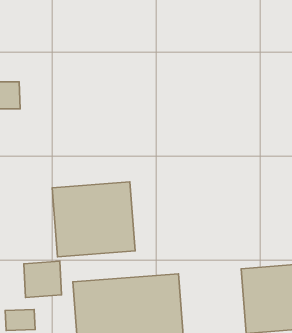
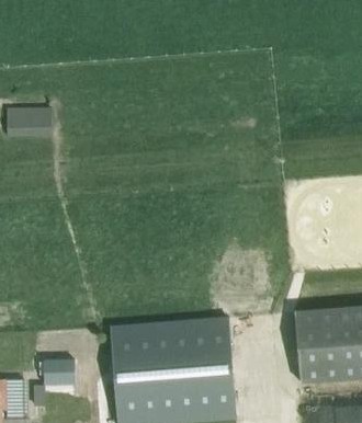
building: [52,182,135,257] -> none
building: [24,261,62,298] -> none

